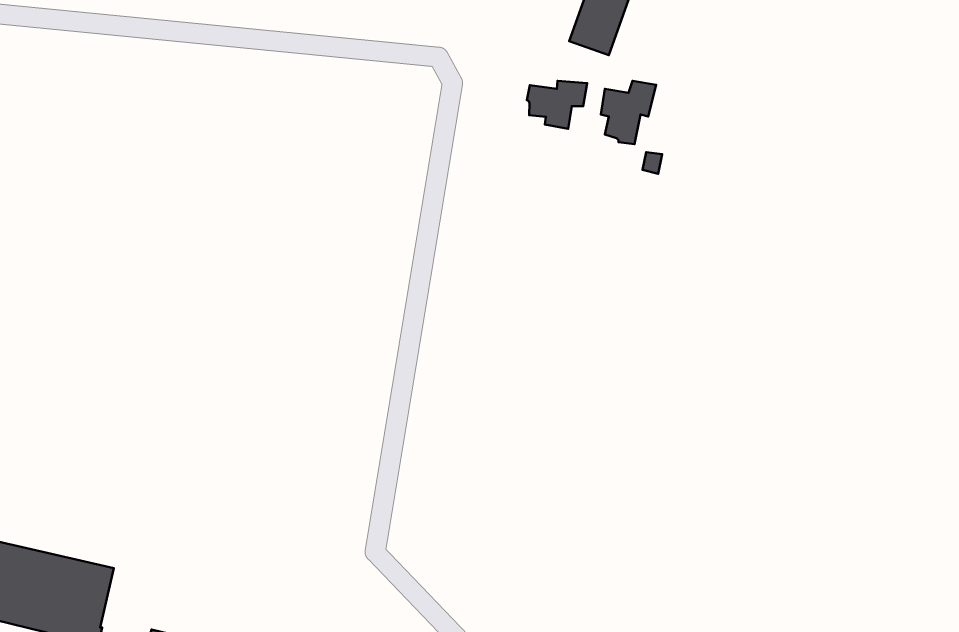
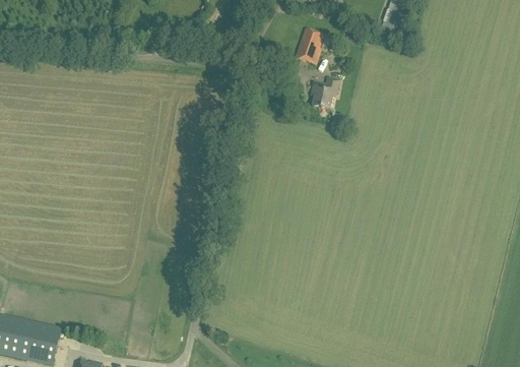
building: [527,81,587,129] -> none

